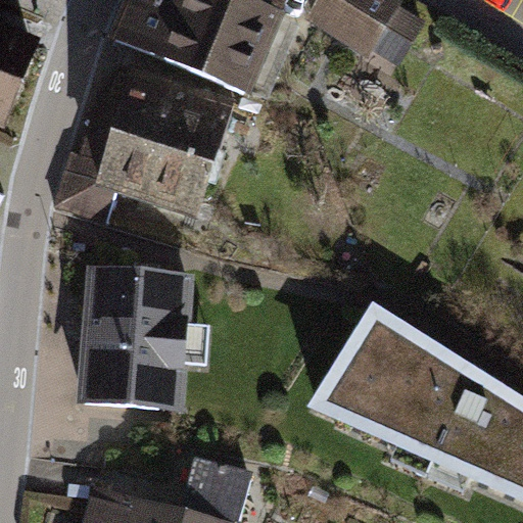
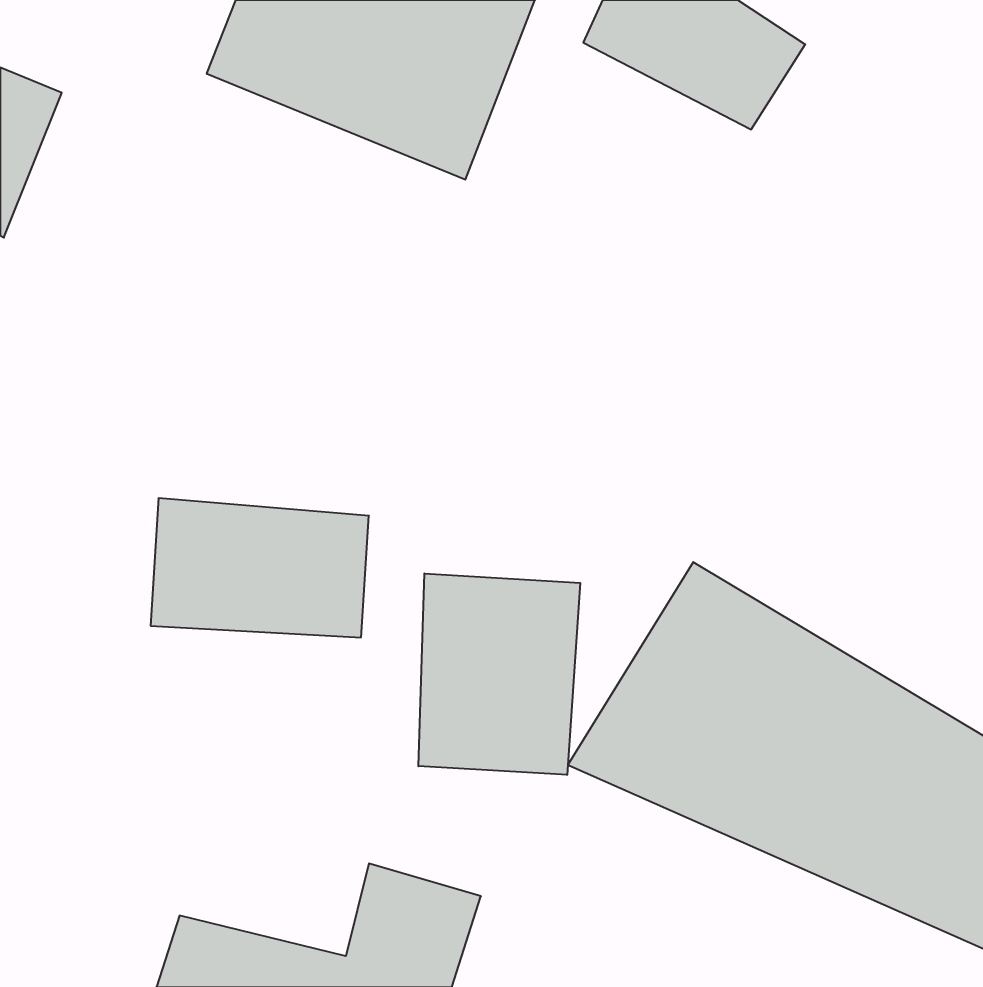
building: [61,69,233,222] -> none
building: none -> [418,573,580,775]
building: [74,331,193,413] -> none

